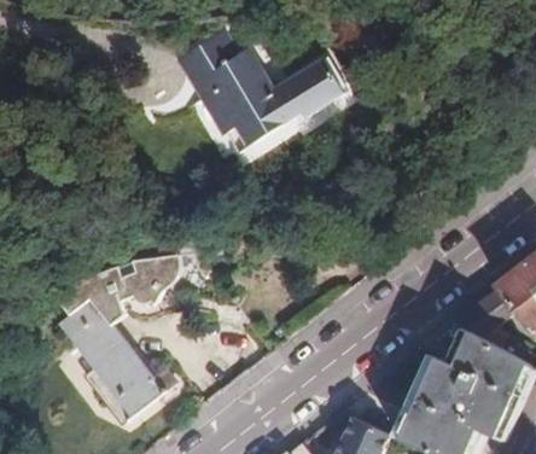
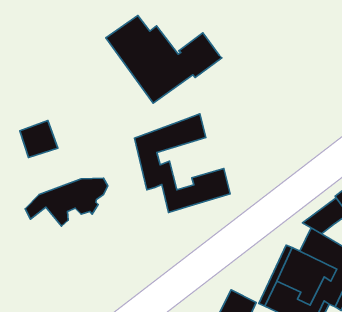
building: none -> [134,114,230,212]
building: none -> [20,121,58,157]
building: [60,299,176,427] -> none

